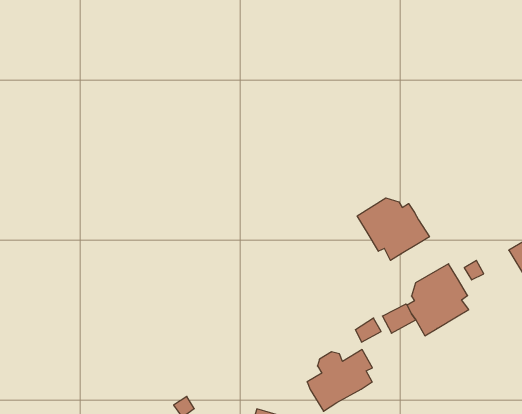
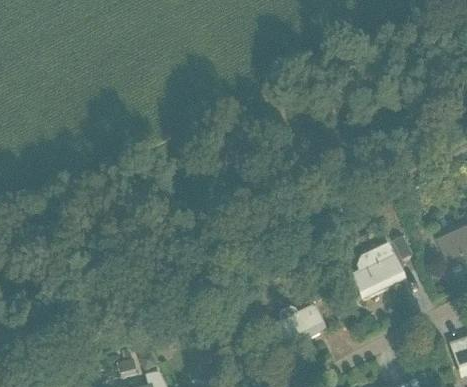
building: [357,198,429,260] -> none

